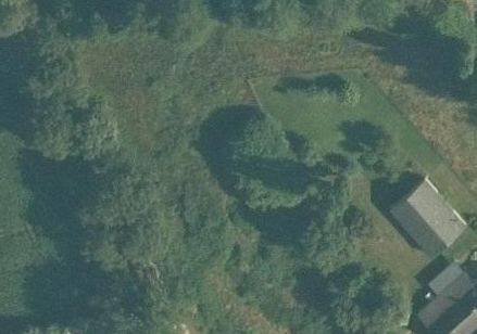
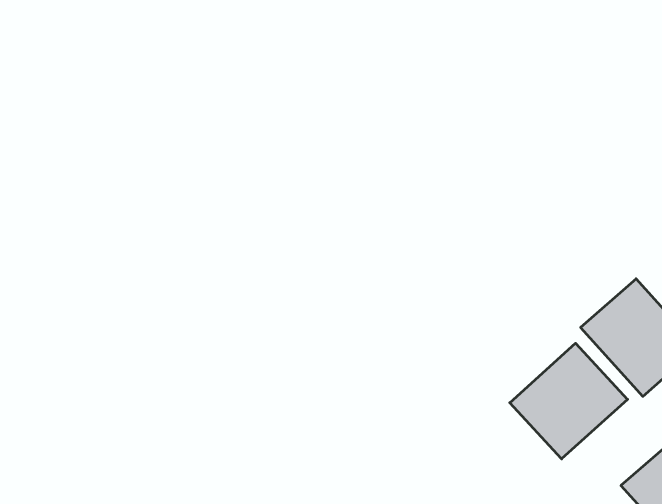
building: none -> [510,343,628,459]

